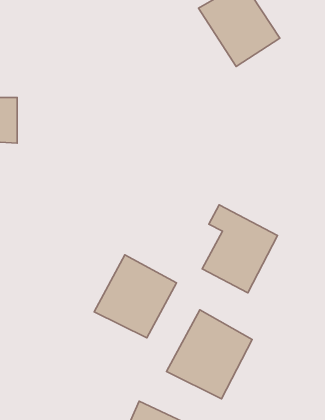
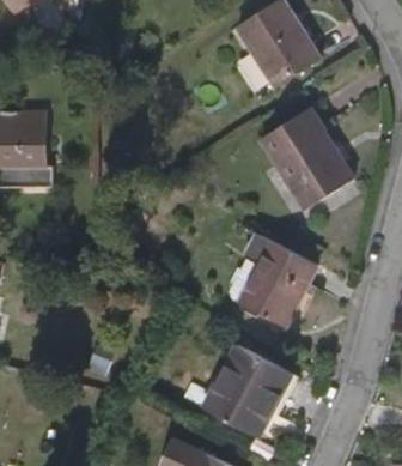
building: none -> [260,109,354,210]
building: [94,255,177,338] -> none

